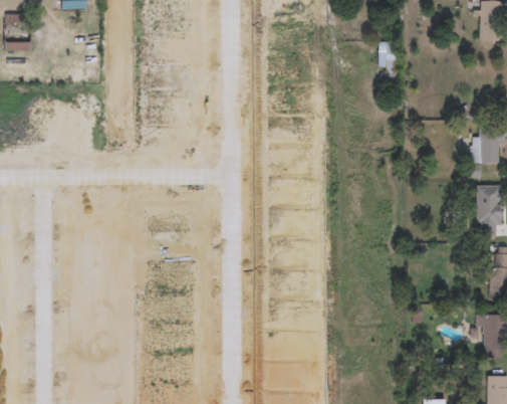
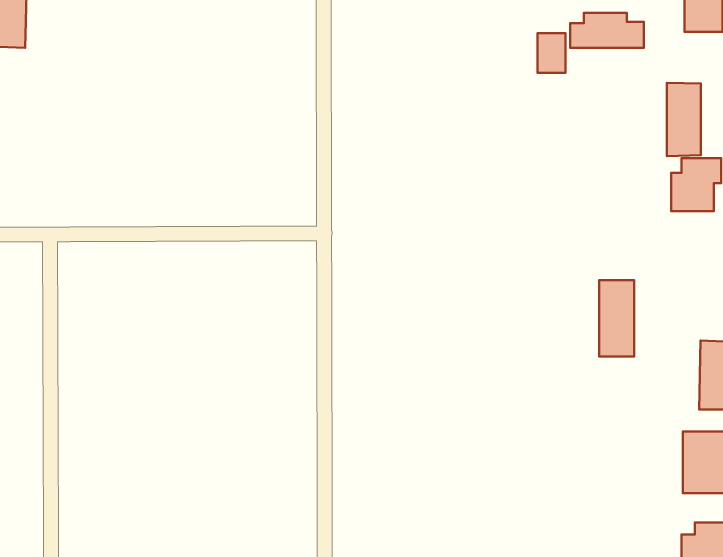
building: none -> [570,13,644,48]
building: none -> [667,83,701,156]
building: [476,184,500,236] -> [599,280,634,356]

